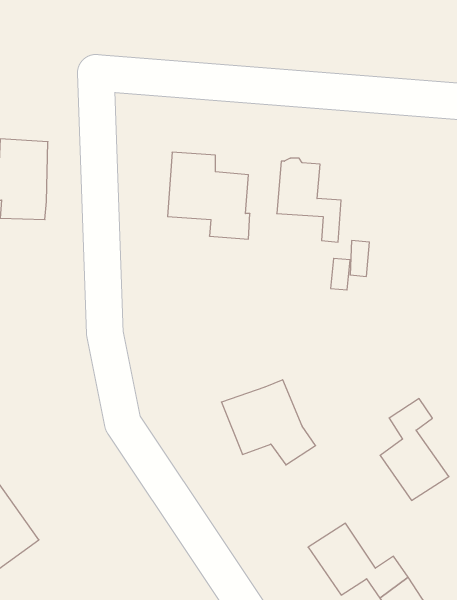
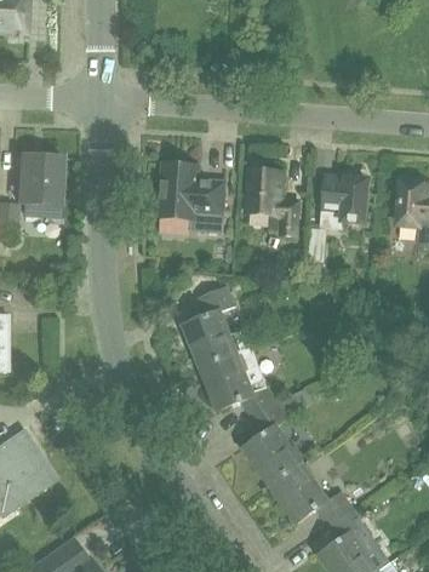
building: none -> [320,176,367,229]
building: none -> [184,287,251,366]
building: [380,399,449,500] -> [246,401,302,484]

